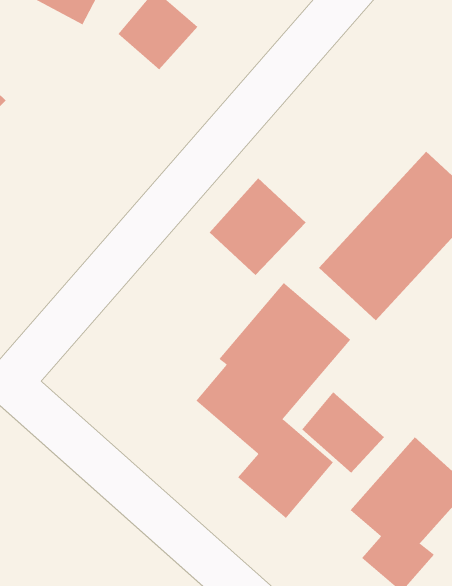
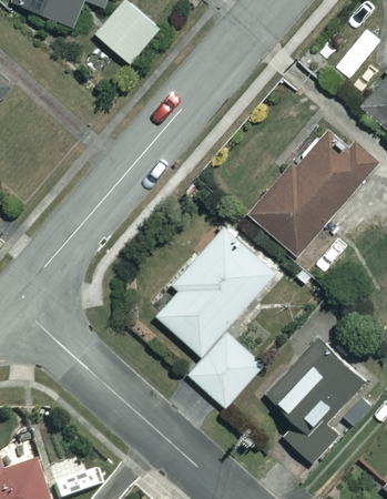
building: [209,178,307,276] -> none
building: [301,391,385,473] -> none

